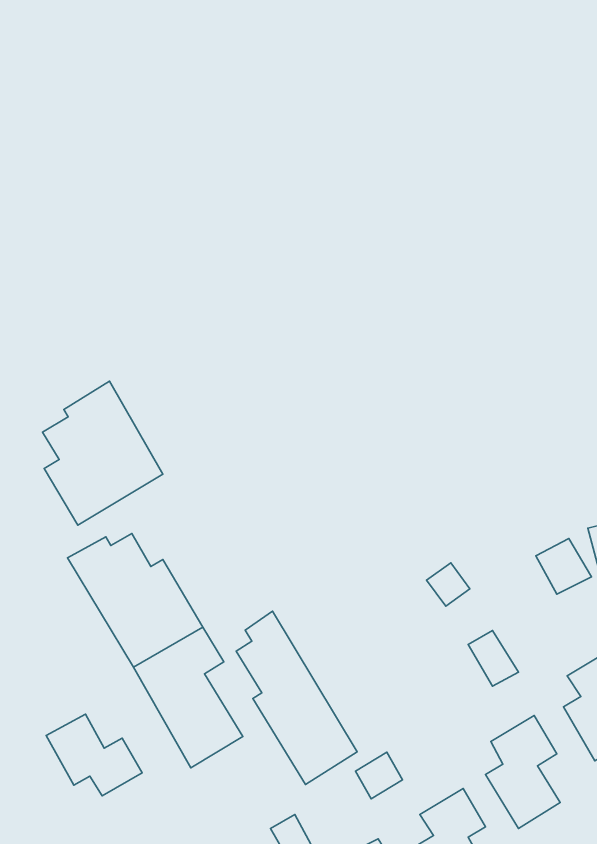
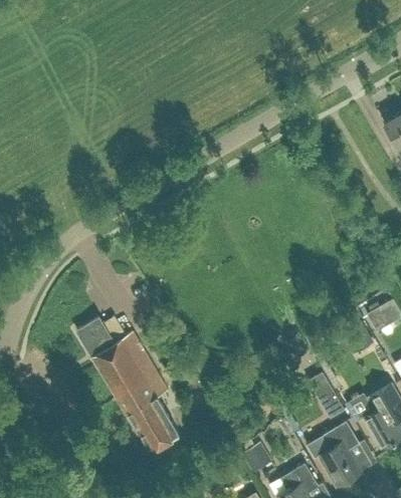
building: [42,381,163,525] -> none
building: [236,611,357,785] -> none
building: [46,714,142,796] -> none

